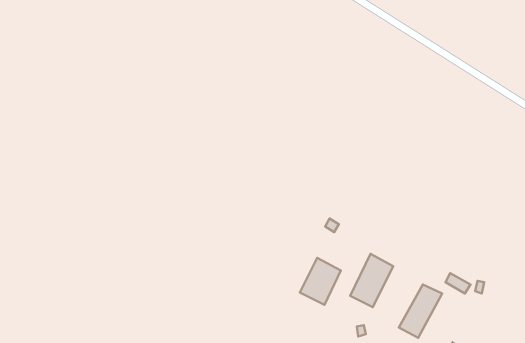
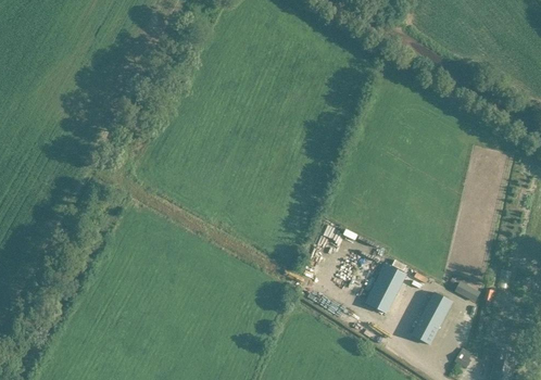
building: [300,258,341,305] -> none

